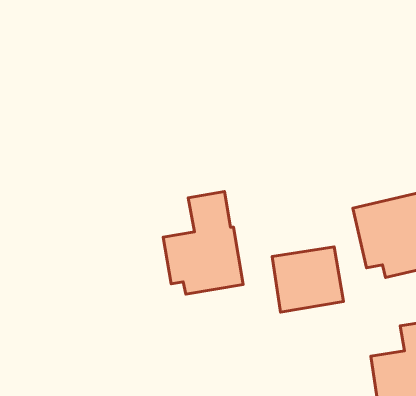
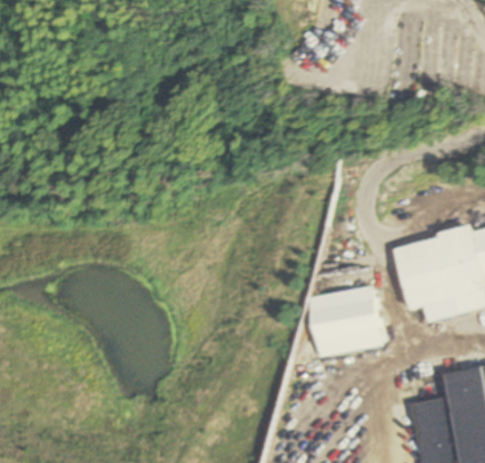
building: [163,191,243,294] -> none

